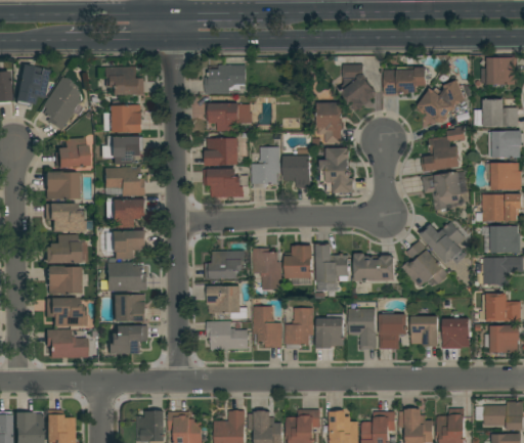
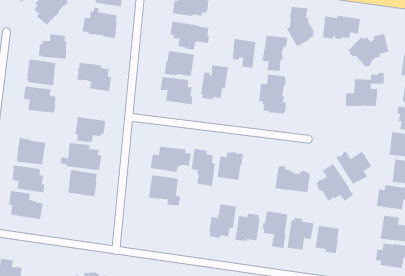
building: [99,136,143,165] -> none
building: [282,157,310,188] -> [232,39,256,68]
building: [422,172,461,211] -> none
building: [111,200,145,228] -> none
building: [44,235,80,264] -> none
building: [315,245,349,290] -> none
building: [253,307,281,348] -> none
building: [442,319,469,349] -> none
building: [206,321,248,350] -> none
building: [107,326,147,354] -> none

